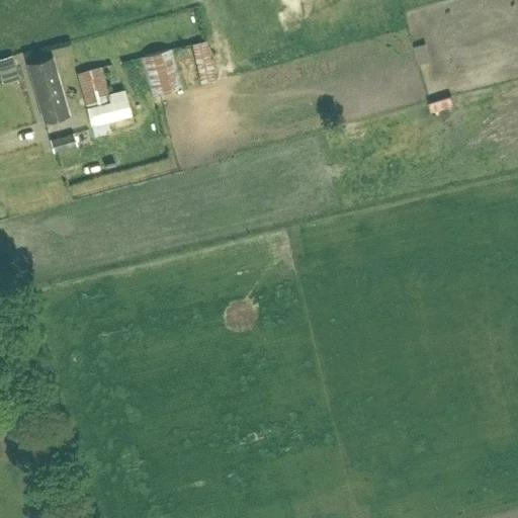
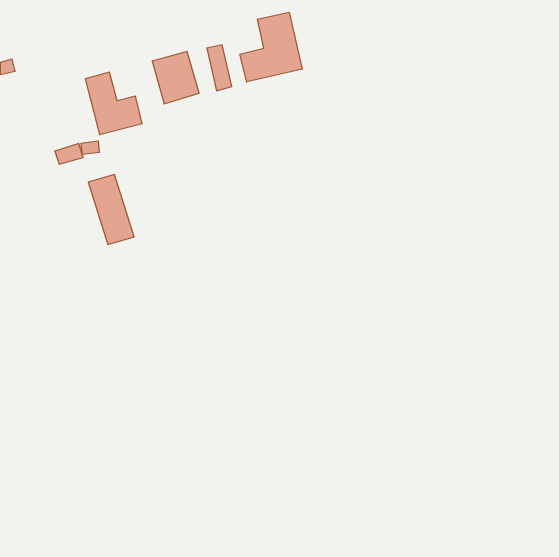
building: none -> [240,12,302,82]
building: [26,60,69,124] -> [88,175,134,245]

